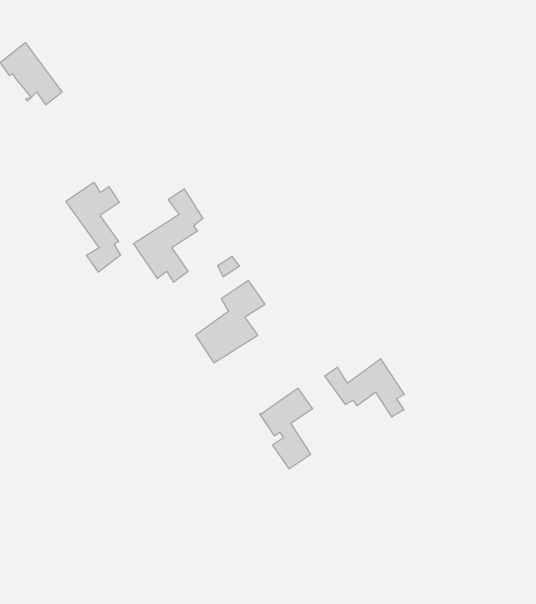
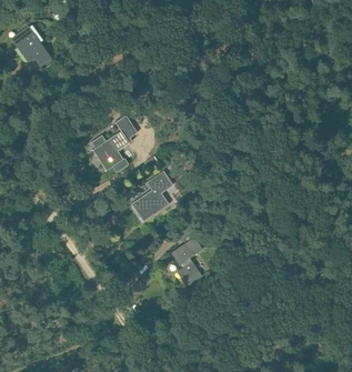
building: [66,182,121,272] -> none
building: [325,359,404,417] -> none

